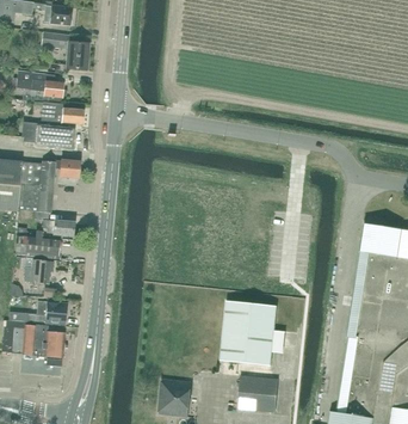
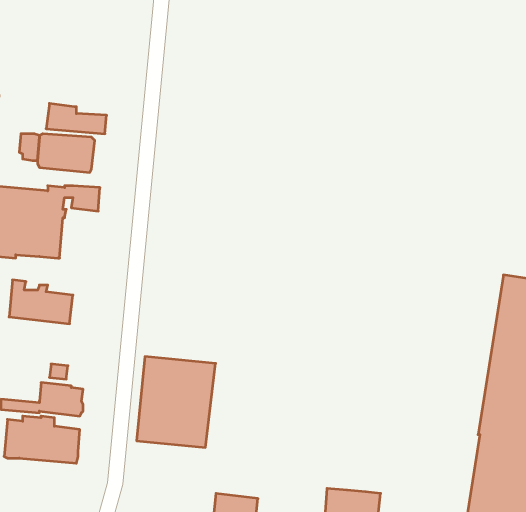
building: [42,33,88,69] -> none
building: [16,70,63,98] -> none
building: [35,210,74,236] -> none
building: [23,259,54,283] -> none
building: [221,301,277,365] -> [137,357,216,447]

